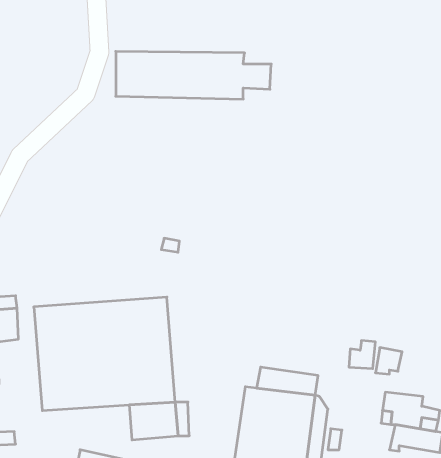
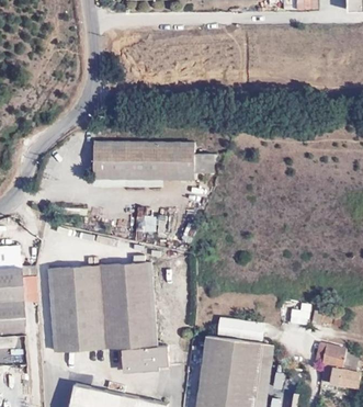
building: [116,51,271,99] -> [91,139,213,177]

